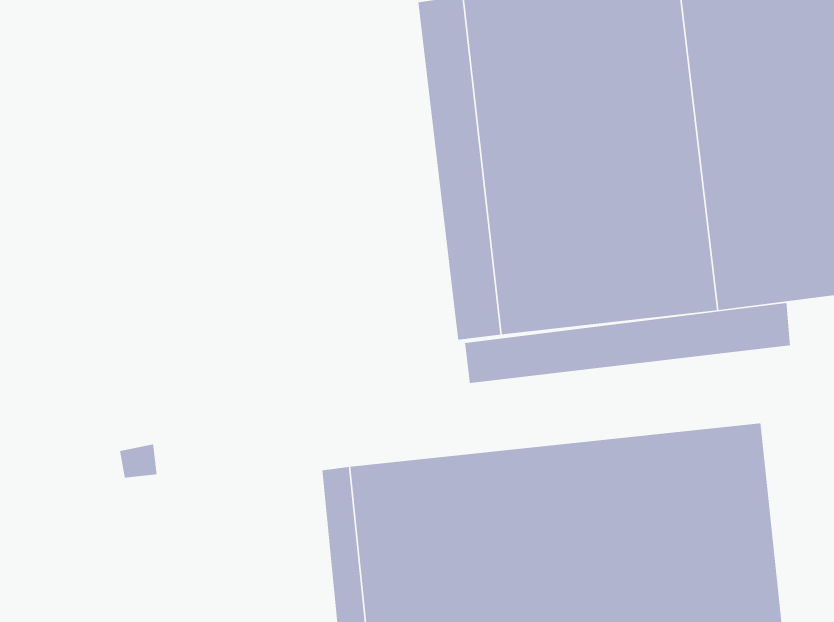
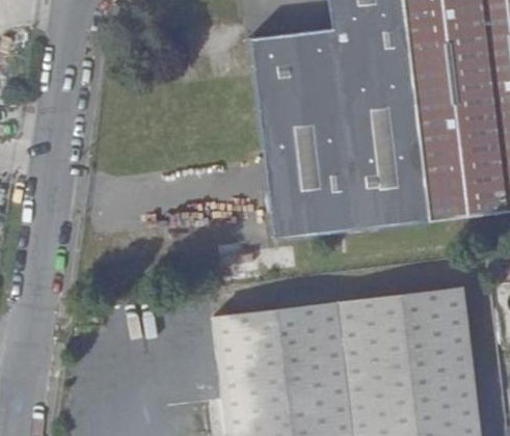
building: [464,302,791,384] -> none

